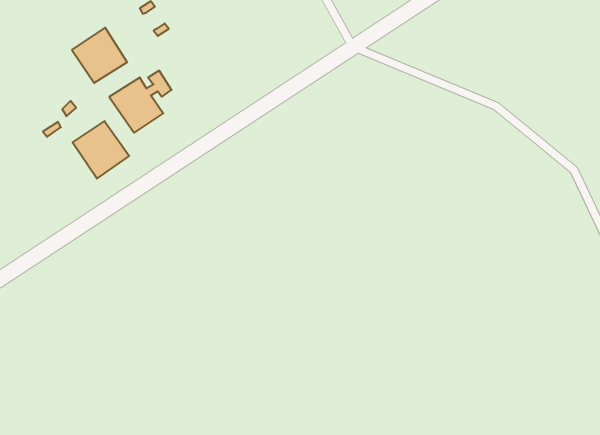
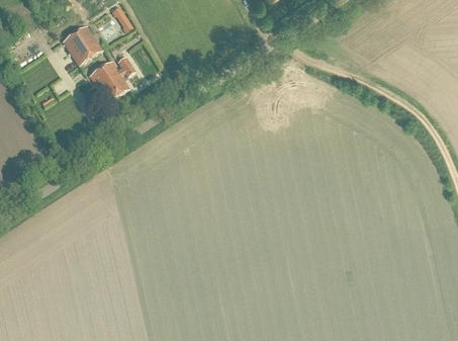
building: [73,121,129,179] -> none

